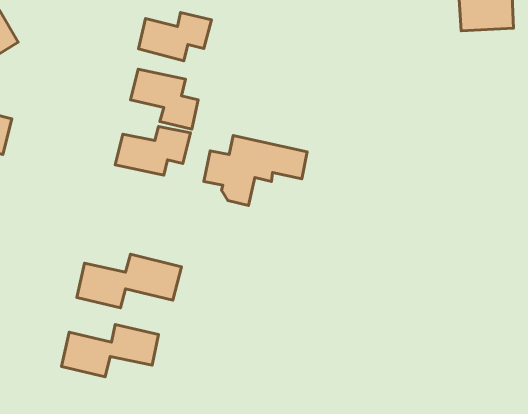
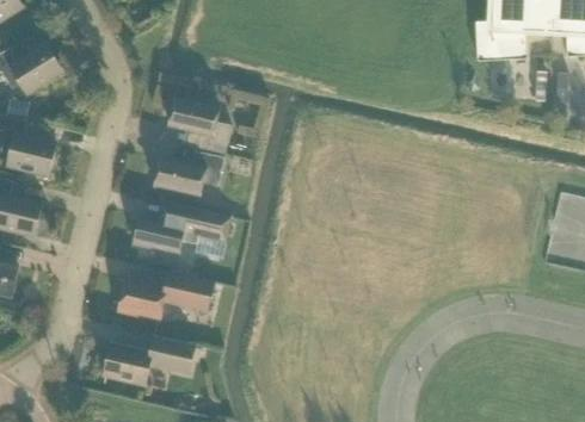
building: [138,12,211,61] -> none
building: [204,135,307,206] -> [133,203,229,268]

